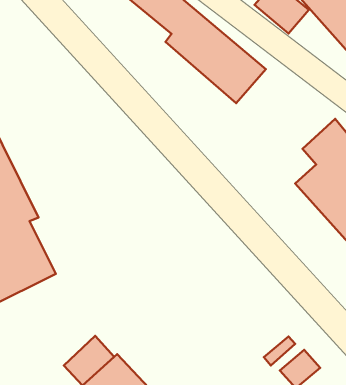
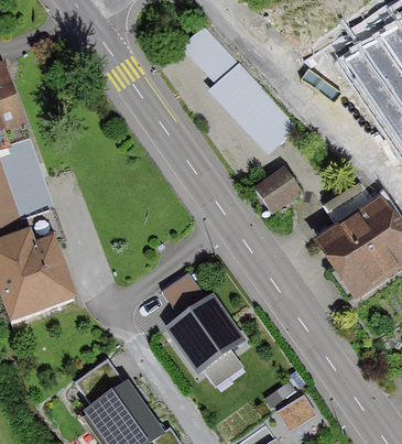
building: none -> [250,162,302,213]
building: none -> [162,273,243,385]

